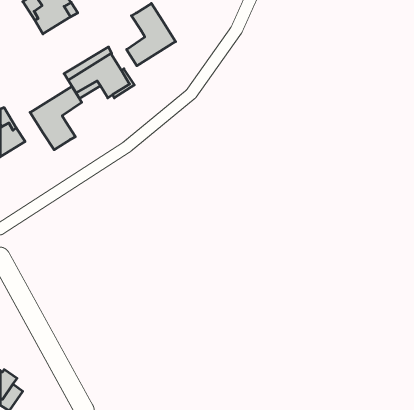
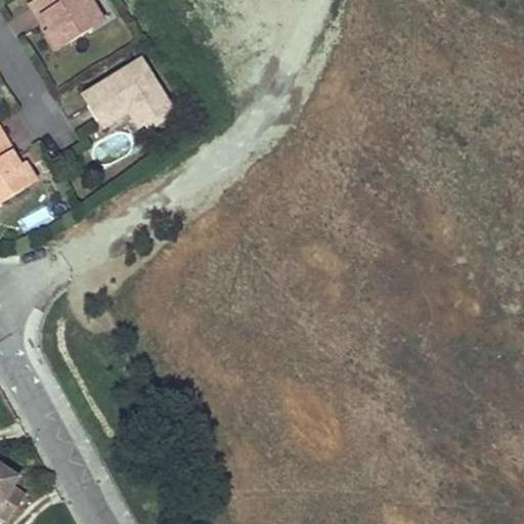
building: [127,3,176,66] -> none
building: [30,86,82,150] -> none

